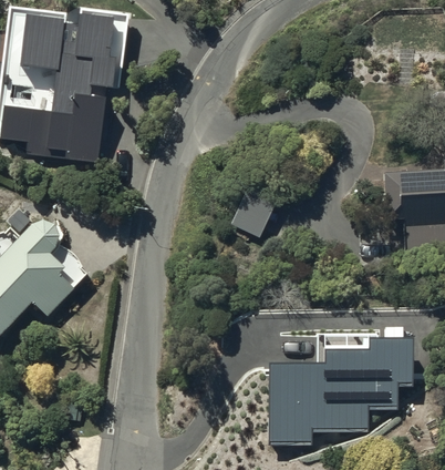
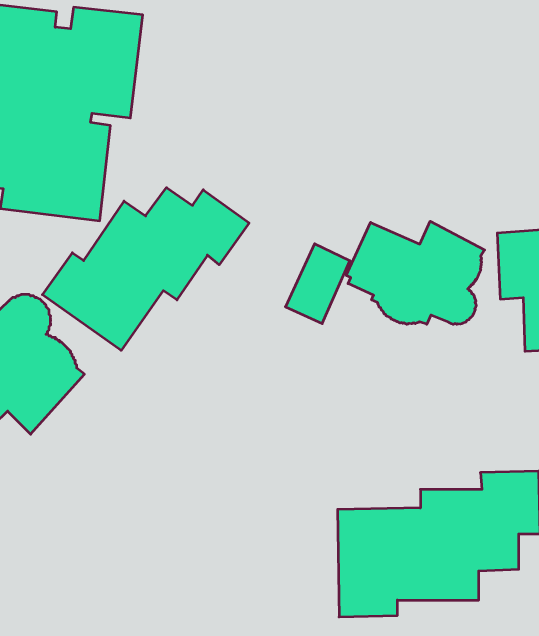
building: none -> [42,188,249,350]
building: none -> [346,221,485,324]

